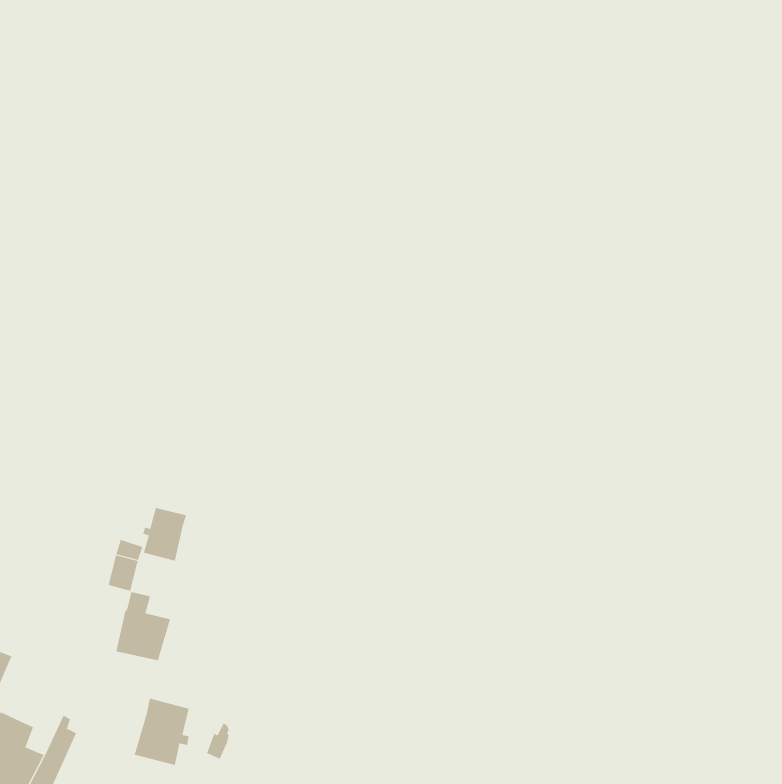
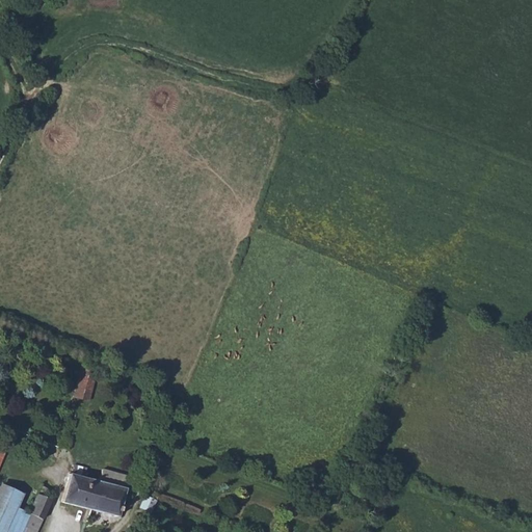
building: [142,507,187,561] -> none
building: [115,591,171,661] -> [61,464,99,511]

